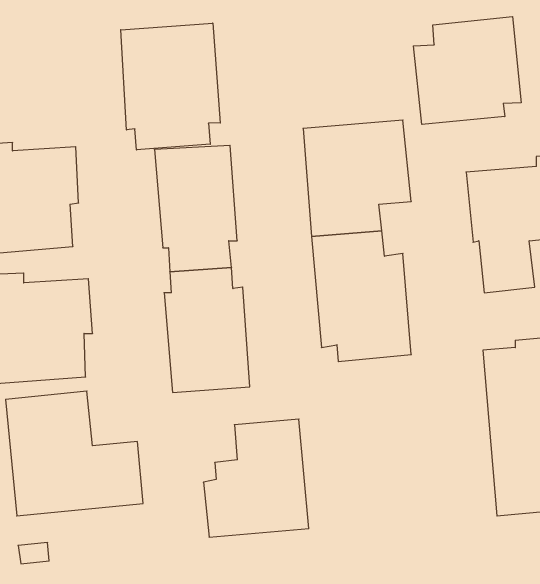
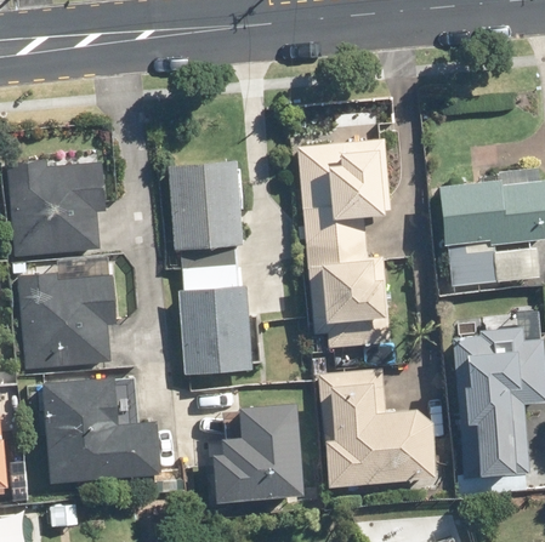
building: [413,17,521,124] -> none
building: [121,23,220,150] -> none
building: none -> [318,369,438,489]

